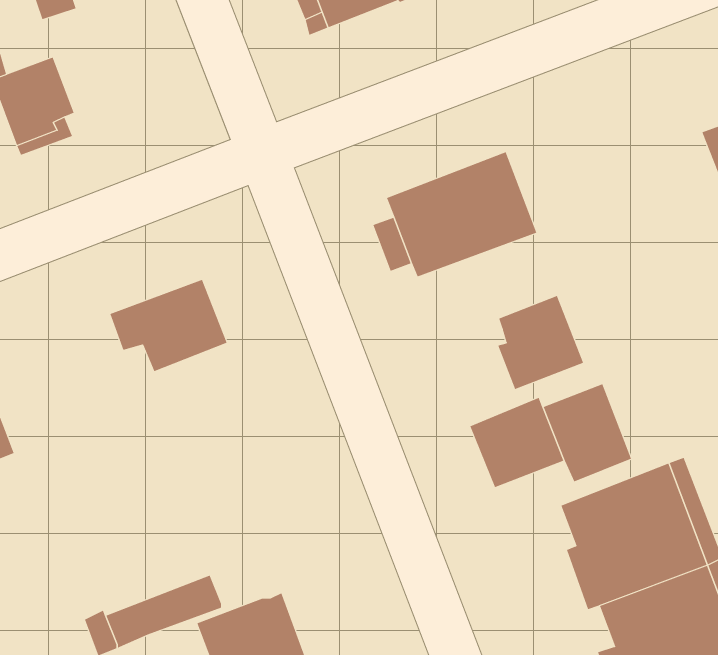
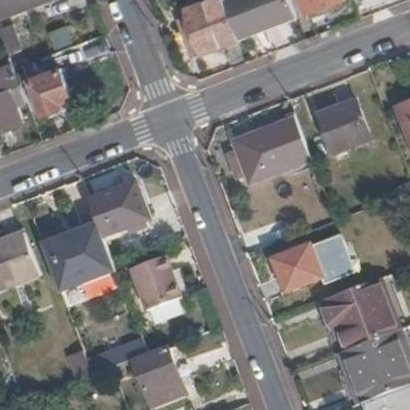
building: none -> [315,101,368,156]
building: [497,295,584,390] -> none
building: none -> [40,223,114,293]
building: none -> [124,255,181,311]

